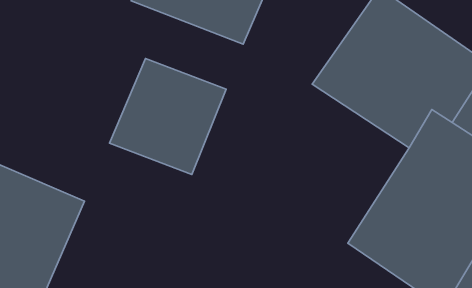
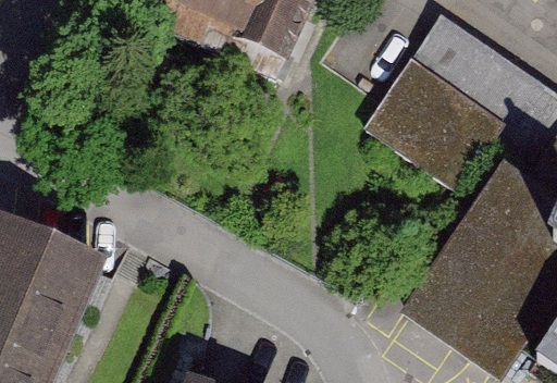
building: [109,58,226,175] -> none

